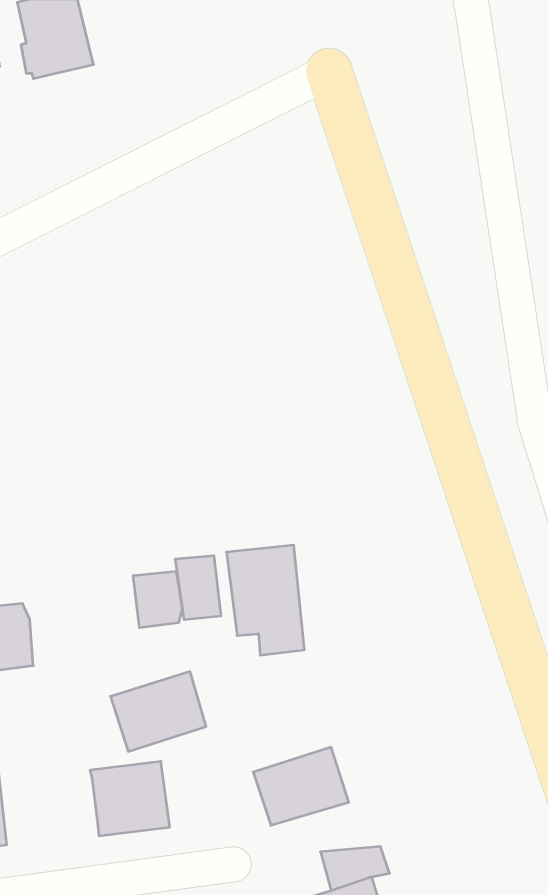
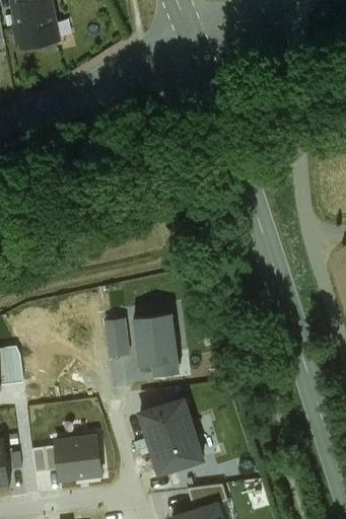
building: [133,571,182,628] -> none
building: [110,672,206,751] -> [138,397,193,443]
building: none -> [31,446,59,473]

